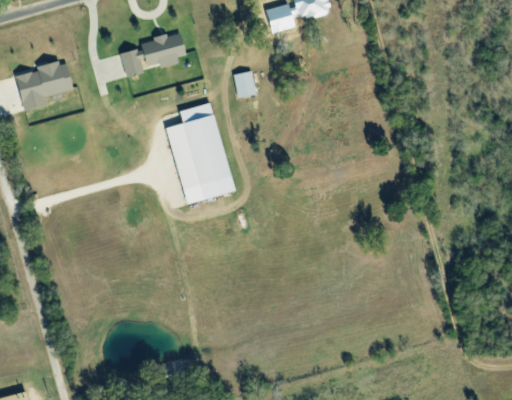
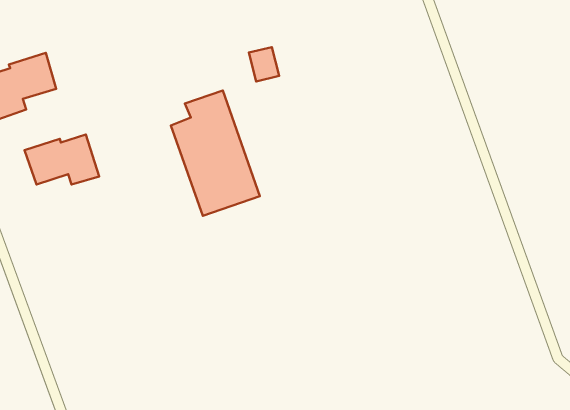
building: [119,32,186,77] -> none
building: none -> [25,135,99,185]

